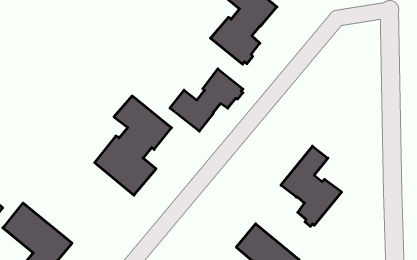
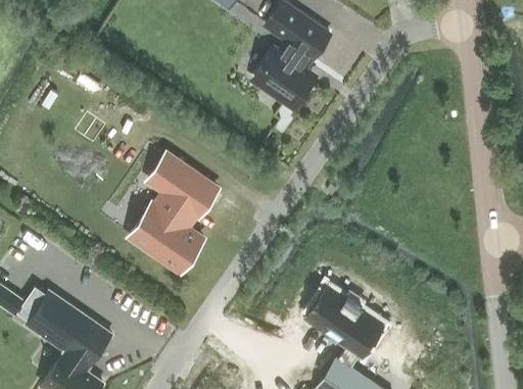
building: [170,69,243,131] -> none
building: [281,146,342,226] -> none

